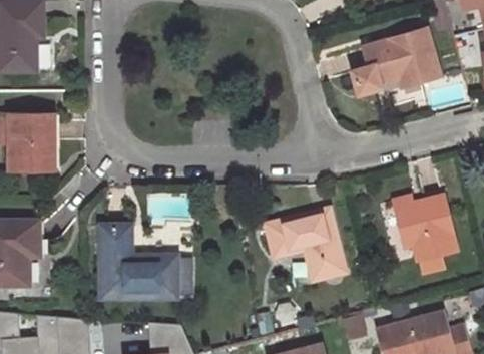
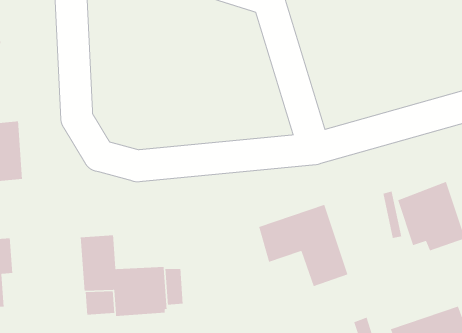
building: [353,34,437,95] -> none

